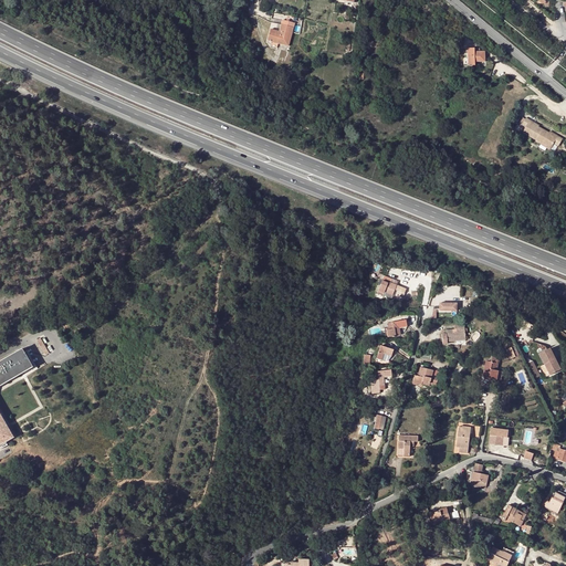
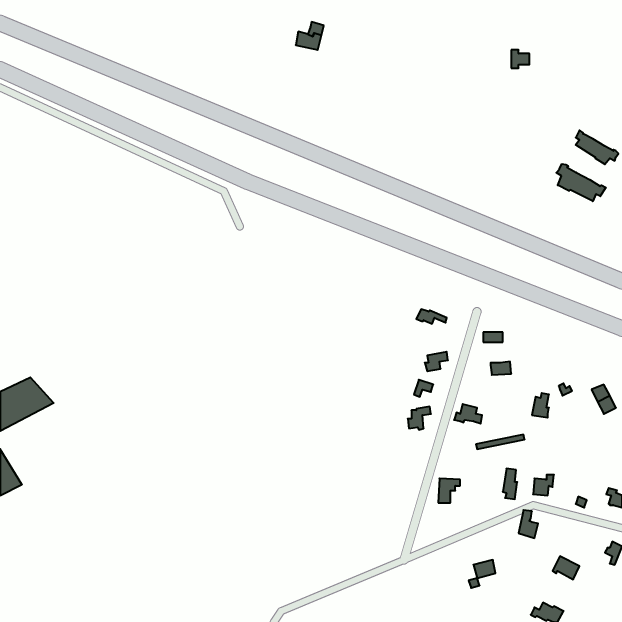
building: none -> [556,164,606,201]

